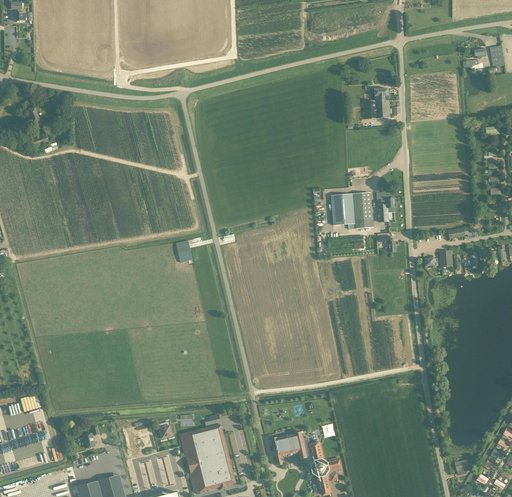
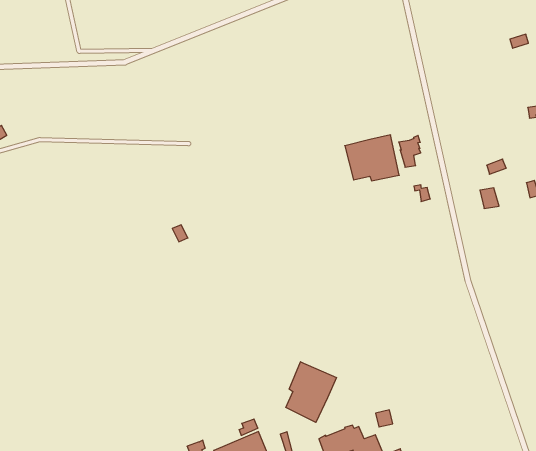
building: [364,89,388,120] -> none
building: none -> [286,362,336,422]

